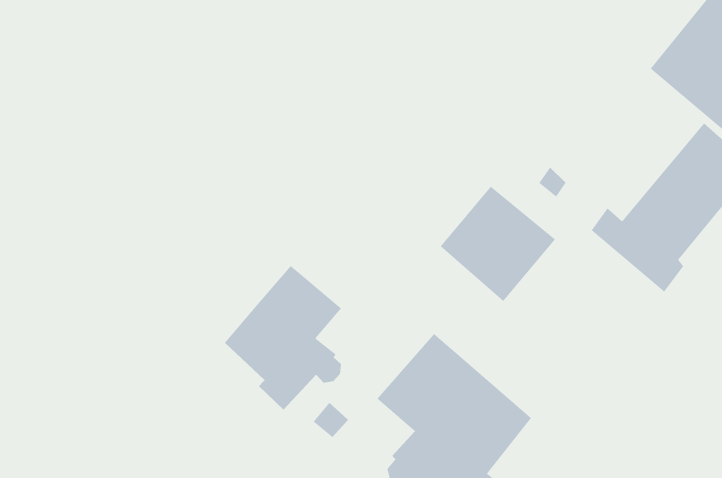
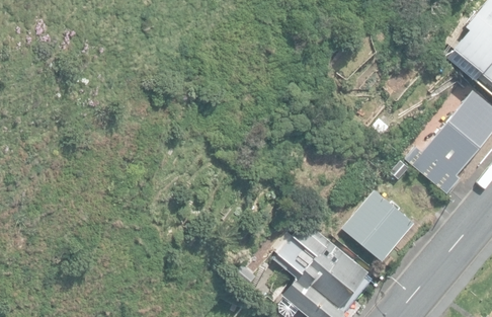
building: [440,186,556,302] -> [343,190,415,262]
building: [224,265,342,410] -> none

